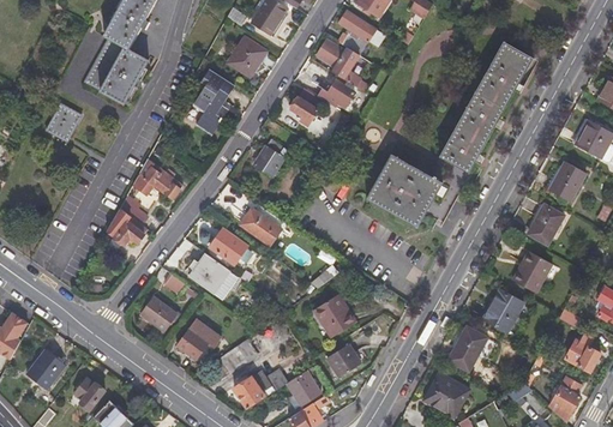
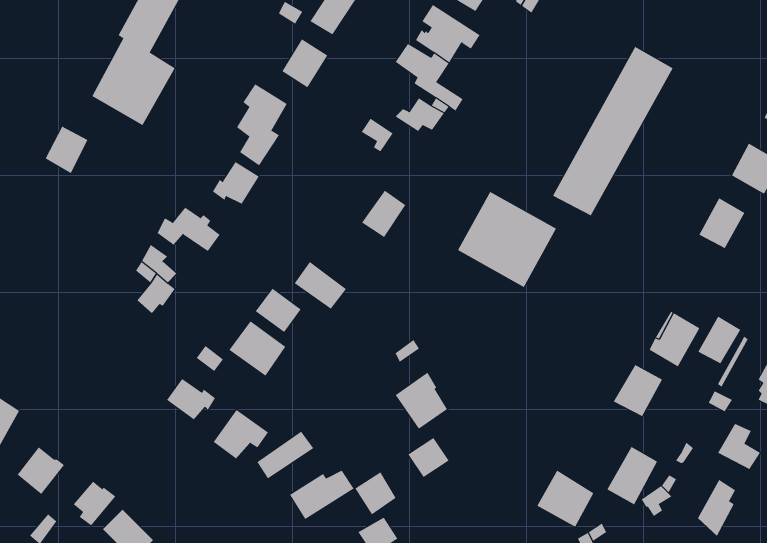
building: none -> [212,161,259,205]
building: [252,138,287,175] -> [361,190,406,238]
building: [529,200,563,237] -> [697,316,741,364]
building: [449,323,488,368] -> [606,446,658,505]

